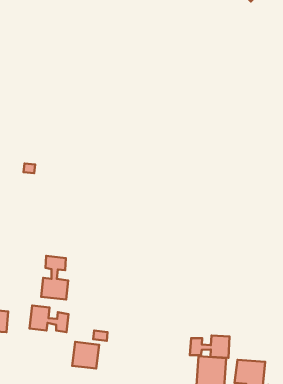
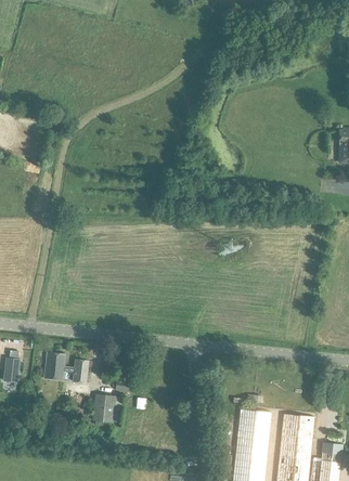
building: [41,256,68,299] -> none
building: [190,335,229,358] -> none

